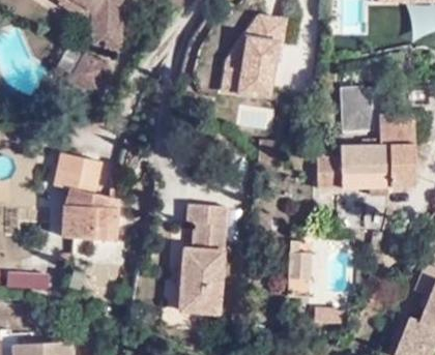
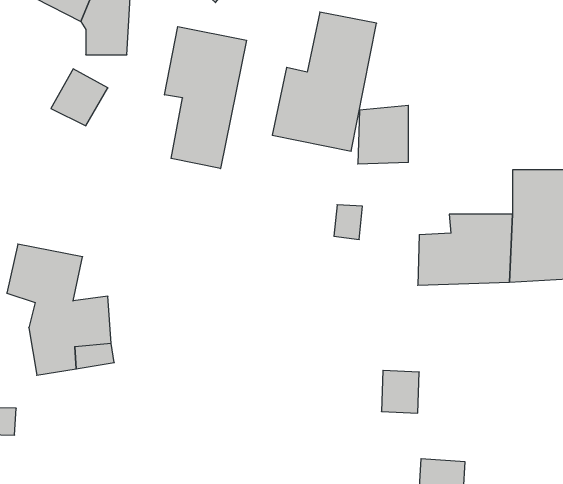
building: none -> [165,27,246,169]
building: [342,92,375,130] -> [358,105,408,164]
building: [180,201,228,312] -> none

